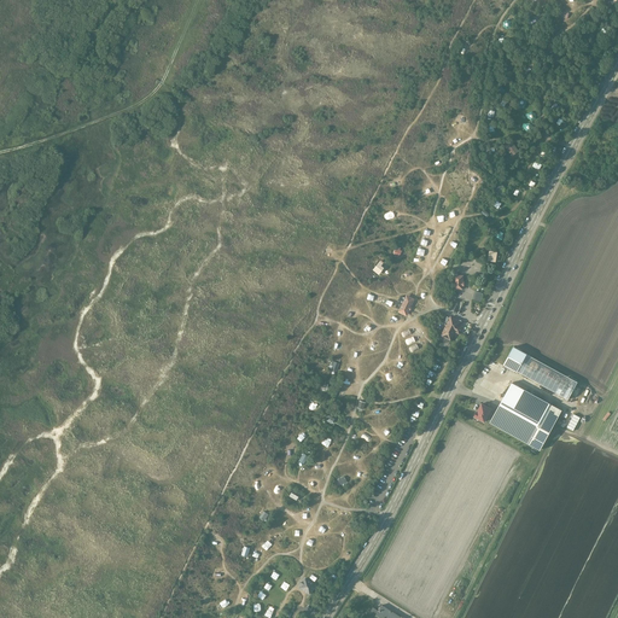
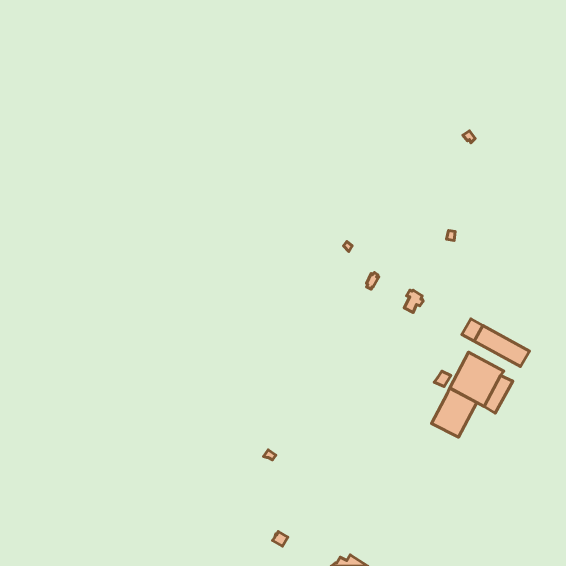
building: none -> [432,388,477,437]

